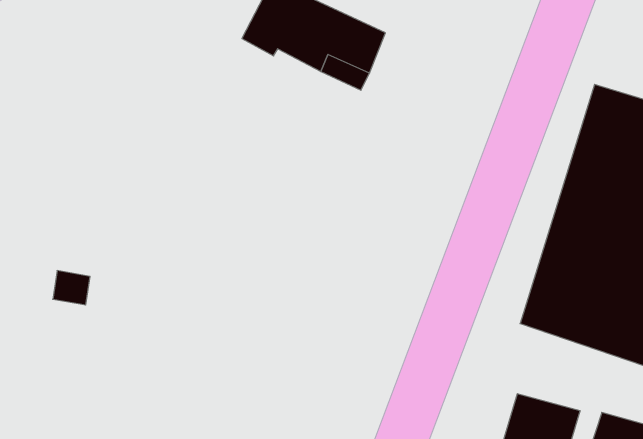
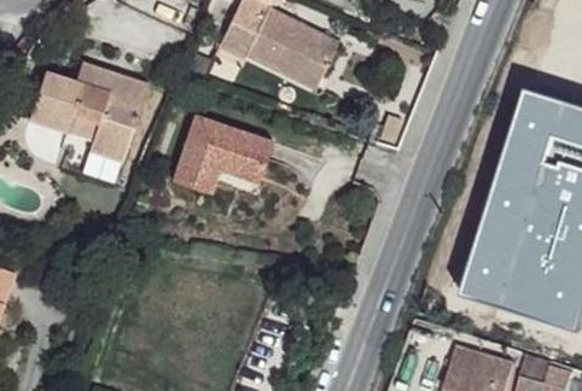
building: none -> [31,64,150,165]
building: none -> [175,117,275,194]

